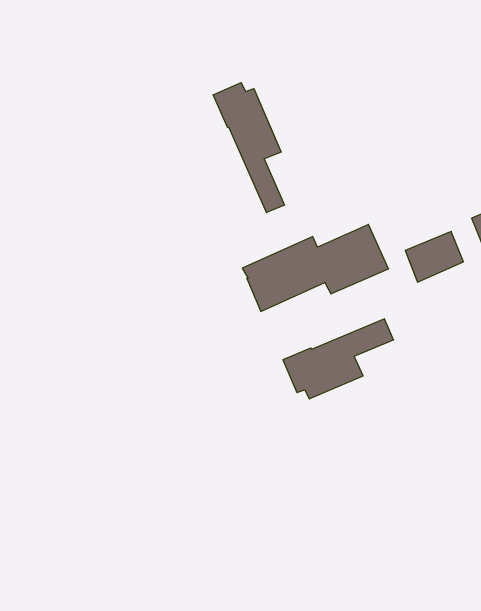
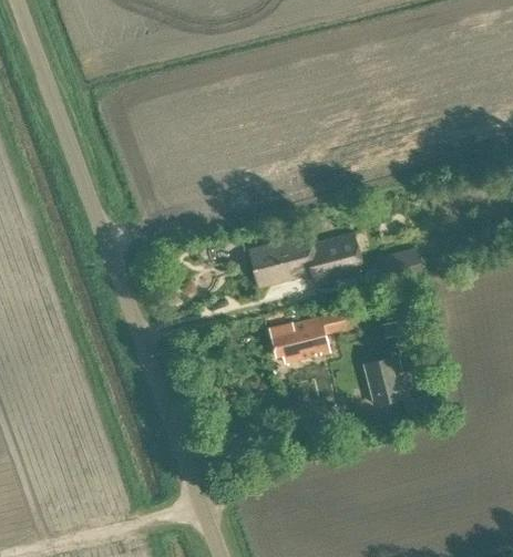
building: [213,83,285,213] -> none
building: none -> [363,353,410,405]

